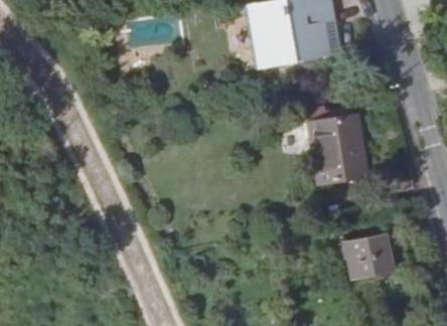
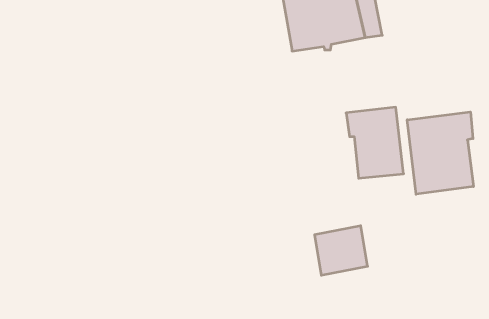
building: none -> [407,112,473,194]
building: [343,235,391,280] -> [315,226,368,275]

